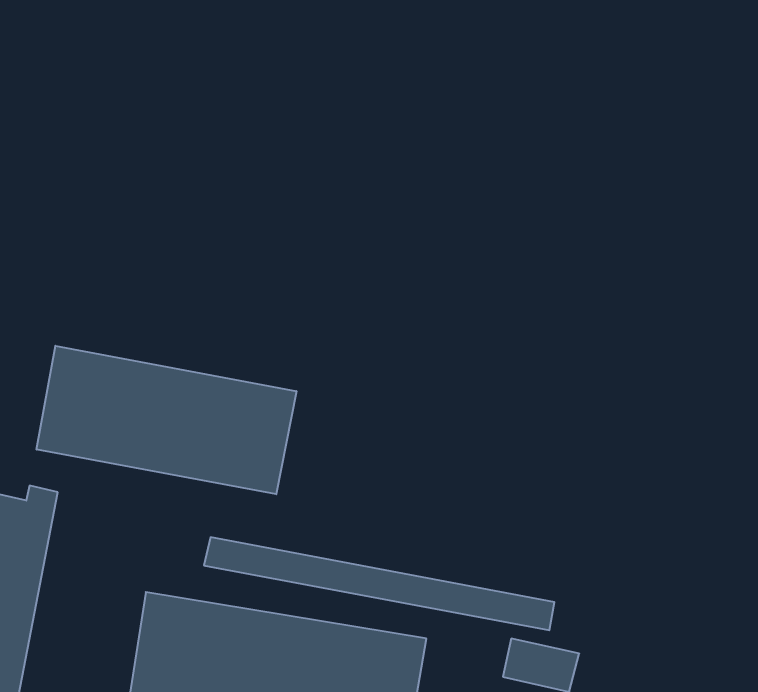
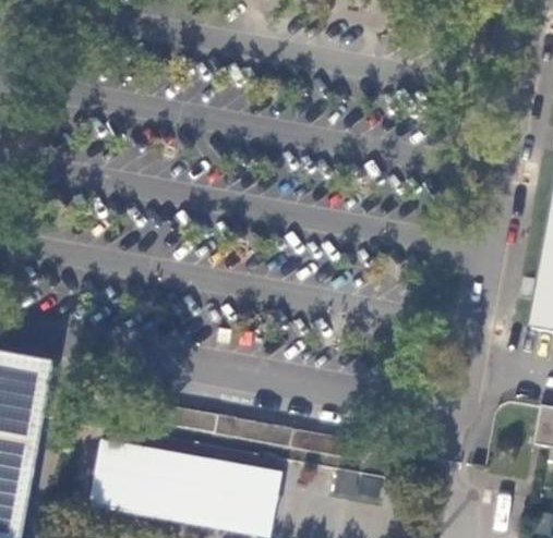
building: [37,346,296,494] -> none

